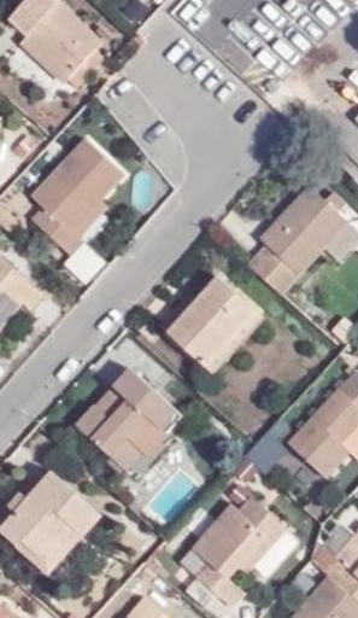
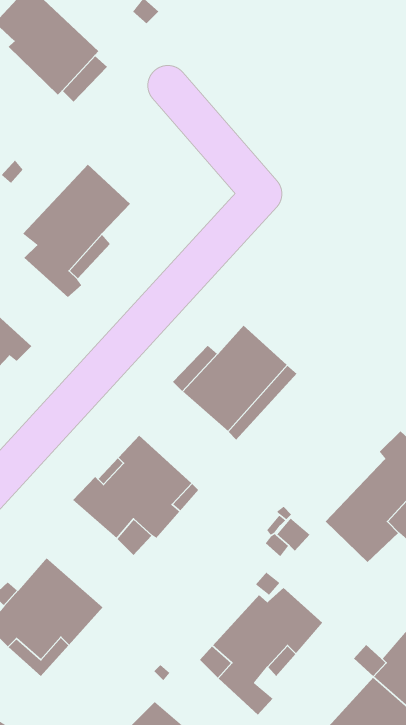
building: [250,186,347,291] -> none

